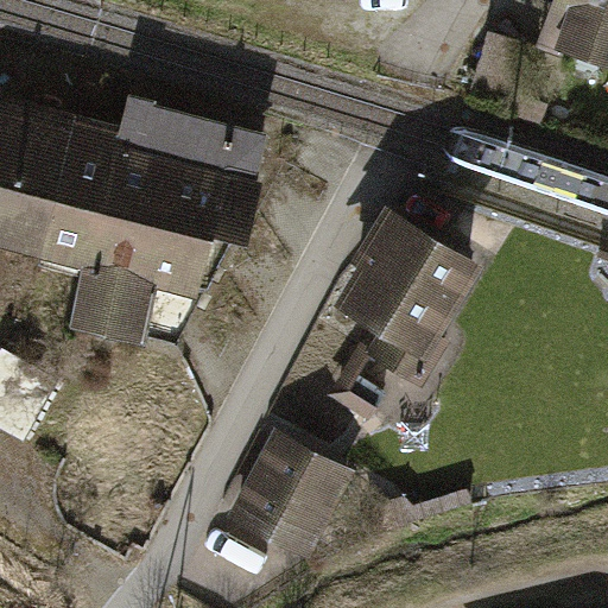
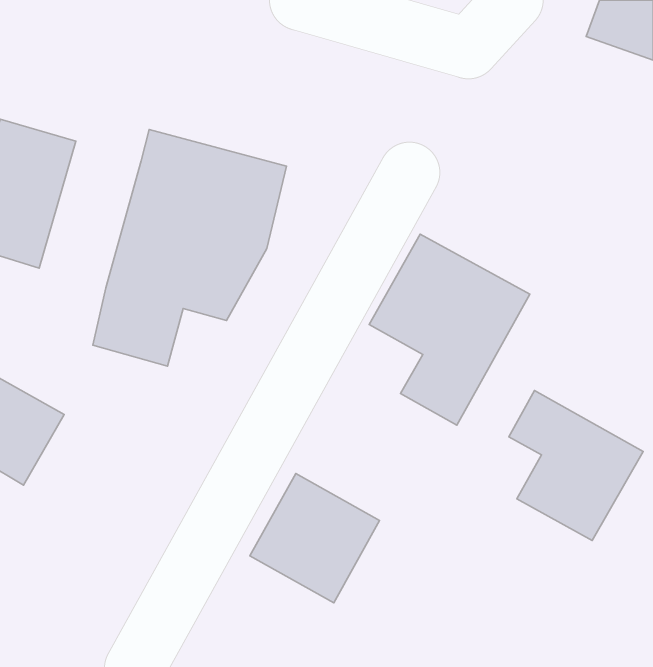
building: [36,129,128,262] -> none
building: none -> [509,391,643,541]

